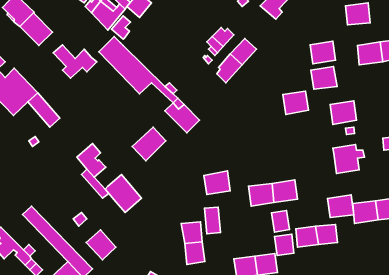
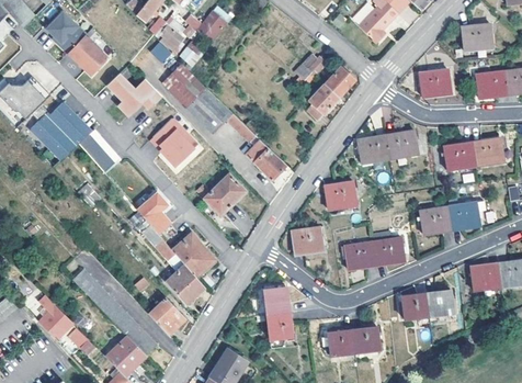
building: [311,67,337,89] -> [472,138,503,166]
building: none -> [154,119,197,167]
building: none -> [358,135,389,164]
building: none -> [324,181,355,210]
building: [328,195,354,217] -> [419,206,451,234]
building: none -> [167,264,205,304]
building: [205,207,221,234] -> none
building: [271,210,289,232] -> none
building: [275,234,294,256] -> none

